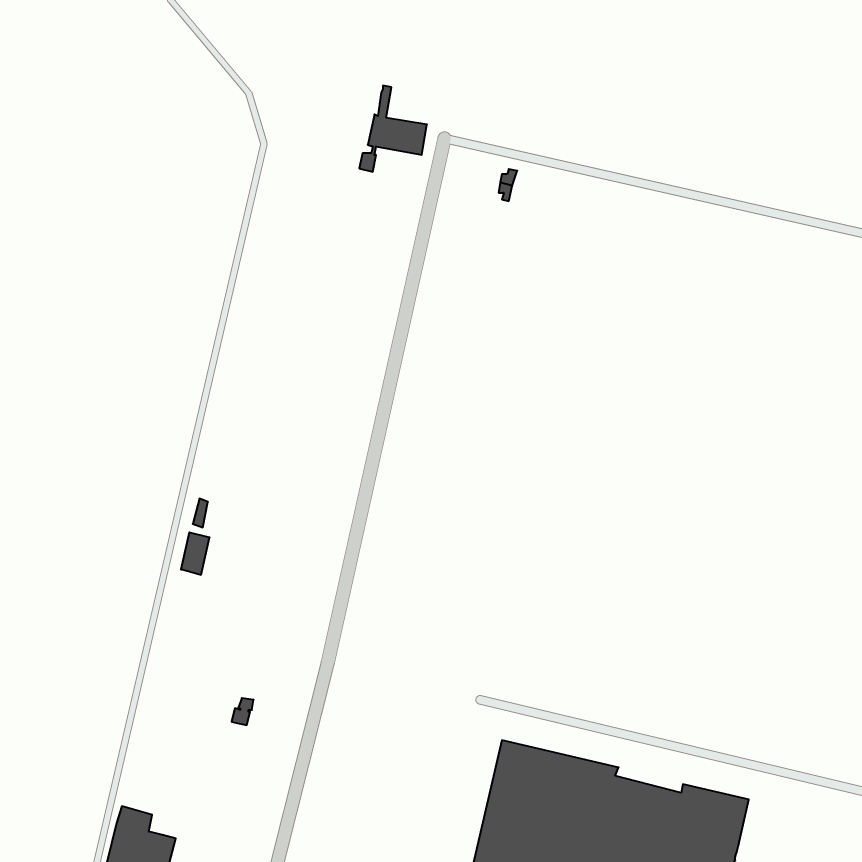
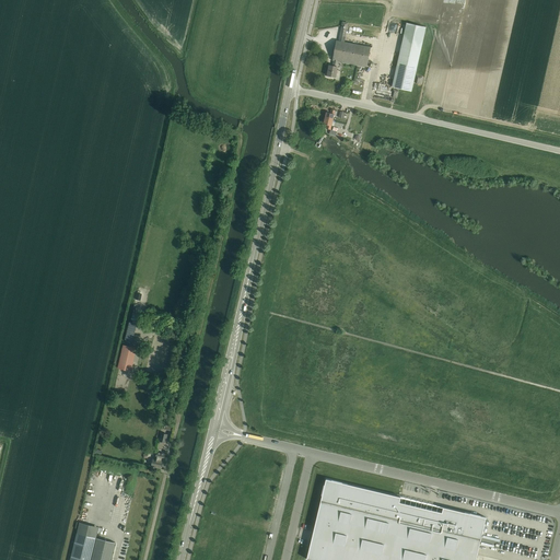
building: none -> [392,24,424,93]
building: [359,86,427,172] -> [326,23,370,79]

